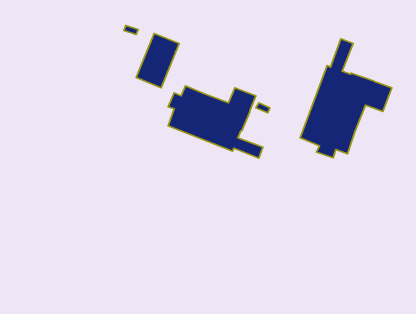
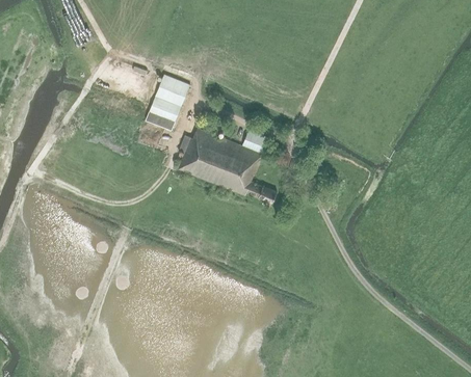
building: [300,39,392,158] -> none

